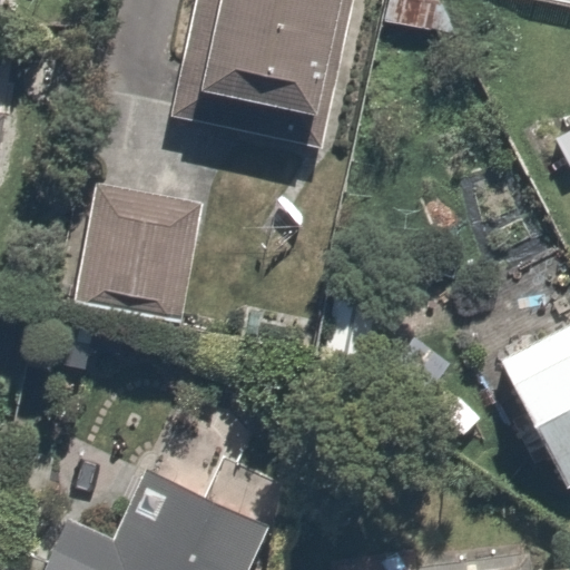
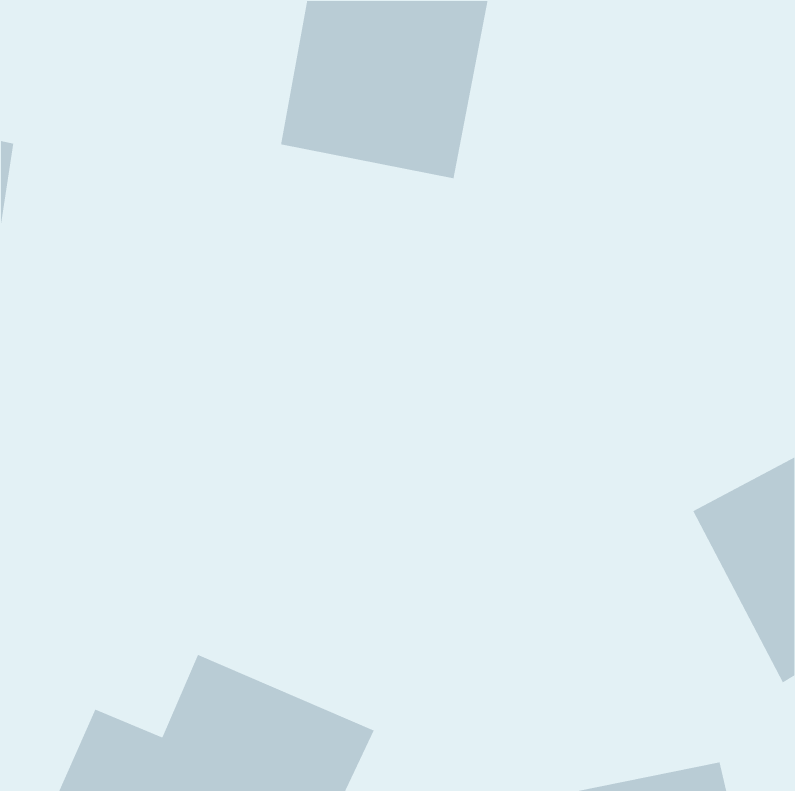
building: [80,183,200,317] -> none

